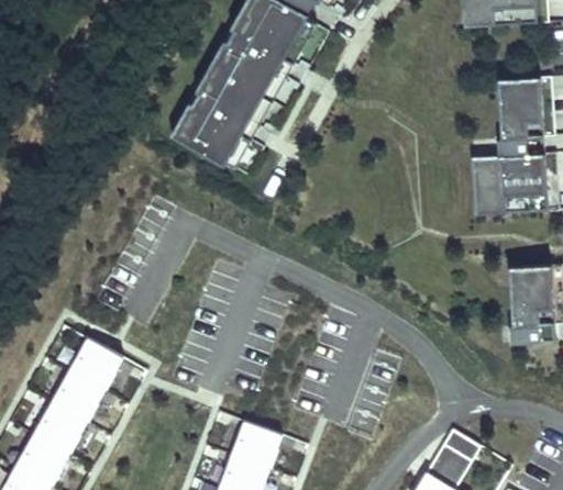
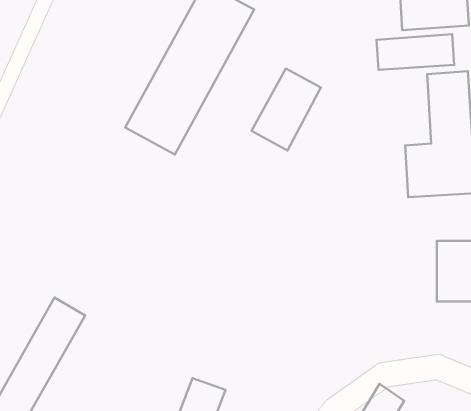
building: none -> [376,34,454,70]
building: none -> [252,68,321,151]

